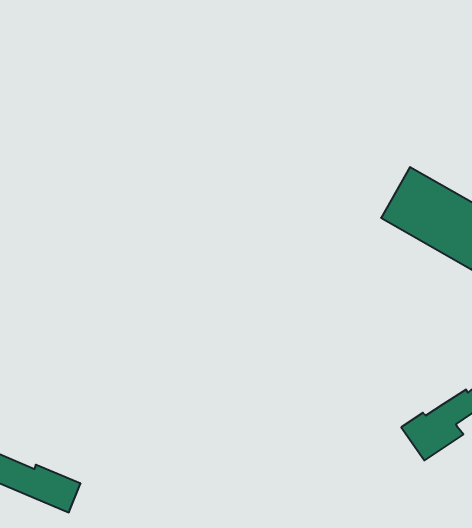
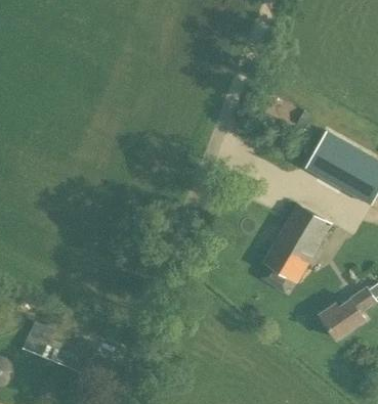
building: none -> [262,204,333,284]

